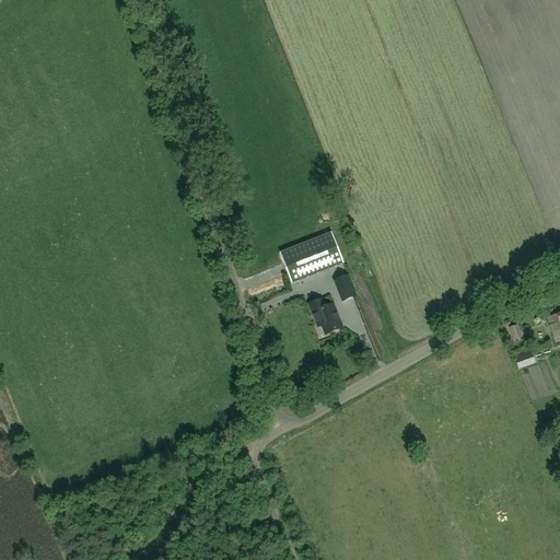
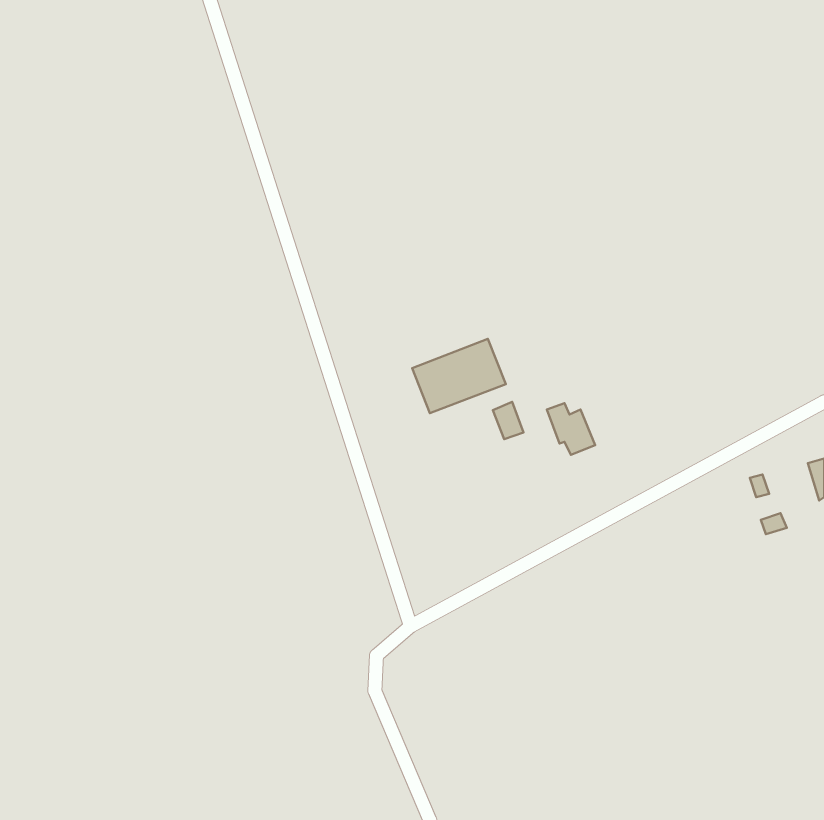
building: [308,296,341,331] -> [547,403,595,455]

